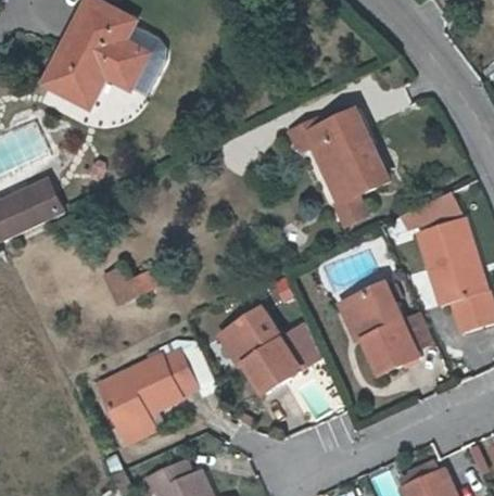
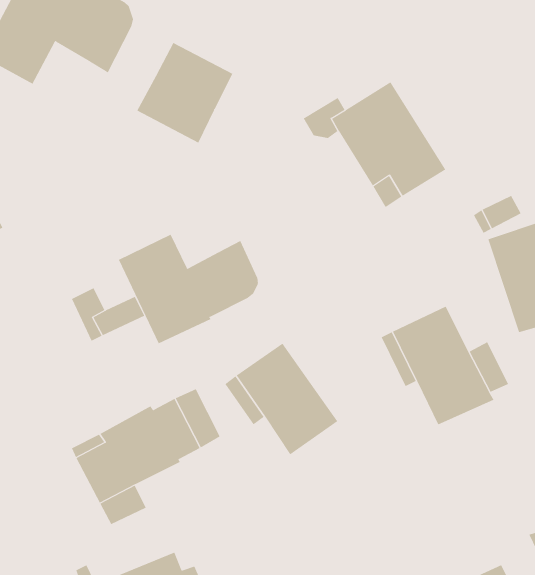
building: none -> [137,42,233,144]
building: none -> [118,234,258,344]
building: [283,320,324,366] -> none

